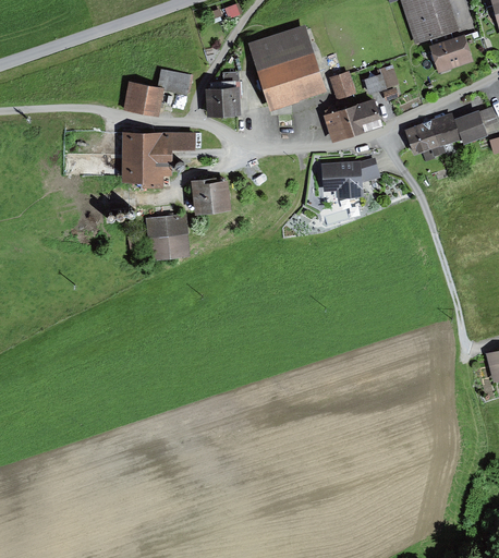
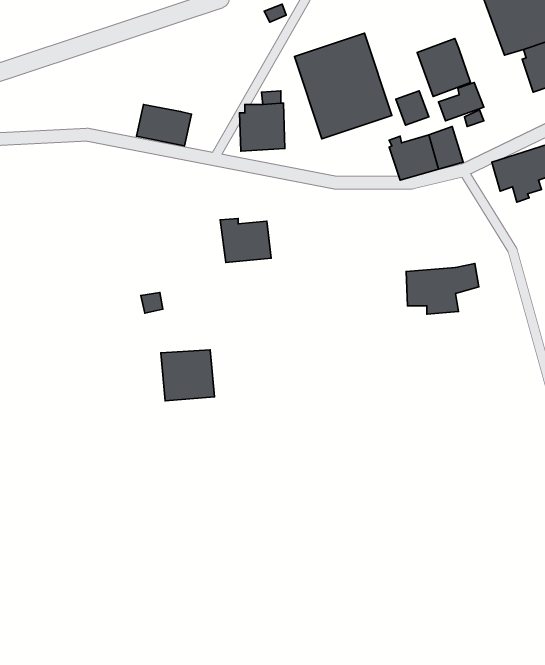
building: none -> [417,39,470,96]
building: [158,70,191,96] -> none
building: [122,130,195,186] -> none
building: [321,156,379,196] -> [406,263,479,314]
building: [146,214,188,254] -> [161,350,214,401]

